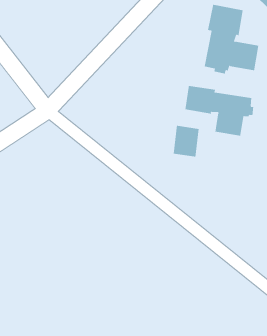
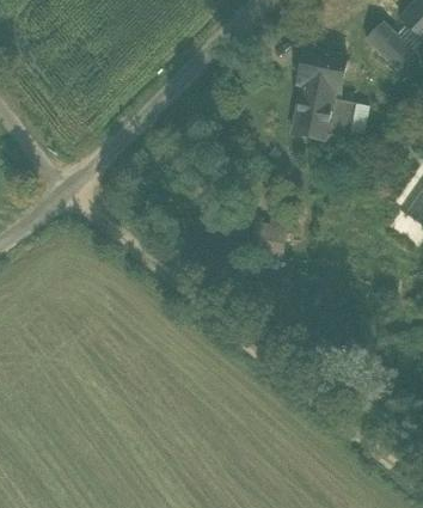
building: [185,85,254,137] -> none

